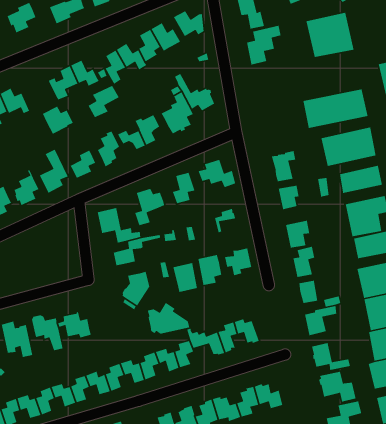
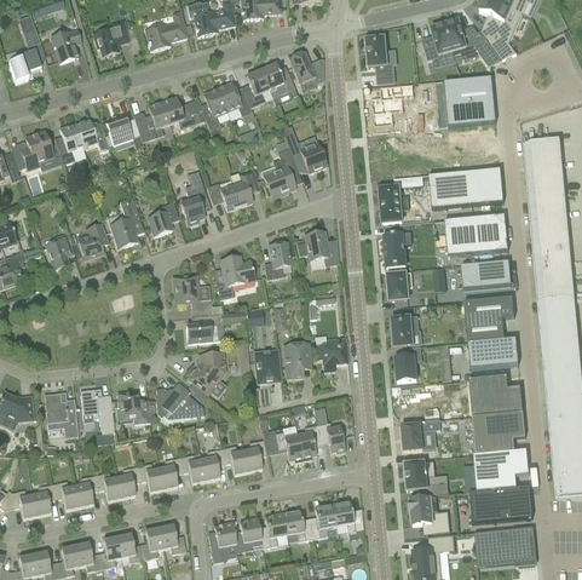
building: [87,85,120,118] -> none
building: none -> [378,176,422,223]
building: [42,105,74,135] -> [103,111,139,145]
building: [147,302,190,334] -> [155,381,203,419]

